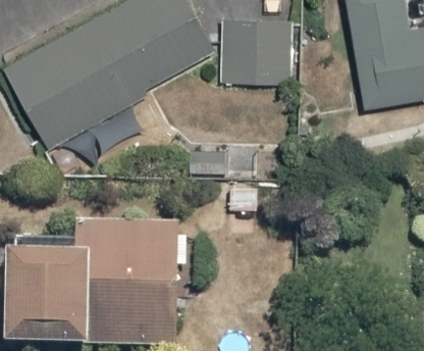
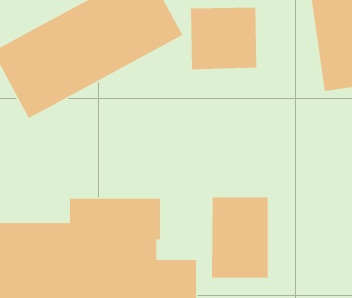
building: none -> [211,196,269,279]

